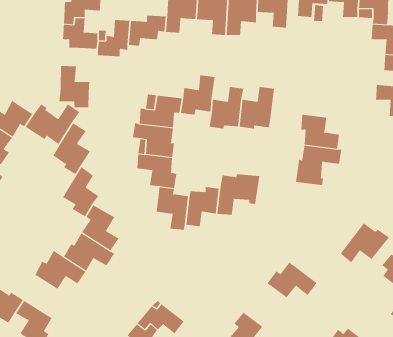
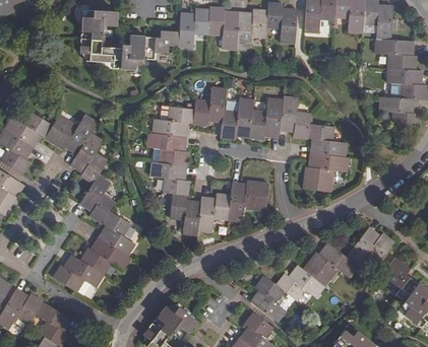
building: [59,65,90,108] -> none
building: none -> [280,97,310,139]
building: none -> [303,242,357,285]
building: none -> [250,275,286,322]

